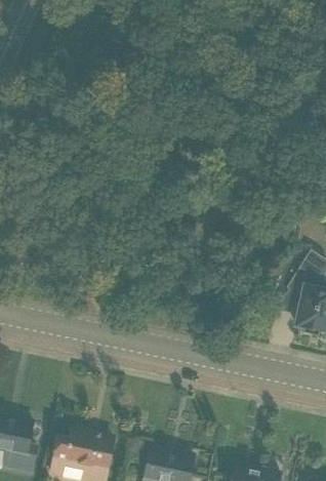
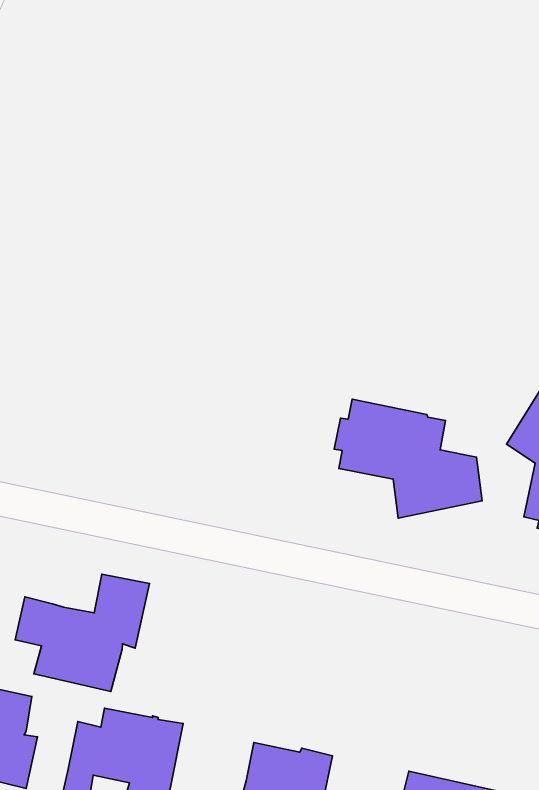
building: none -> [334,399,482,518]
building: none -> [15,574,149,691]

